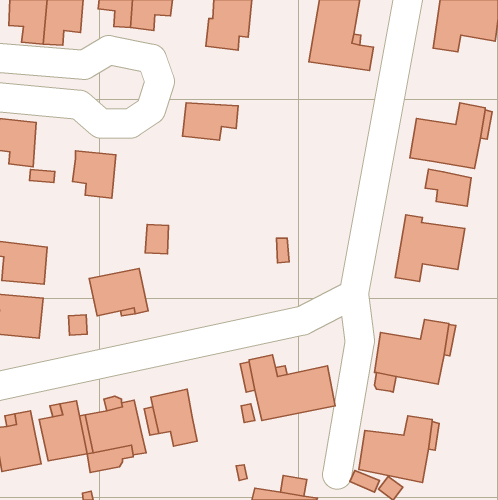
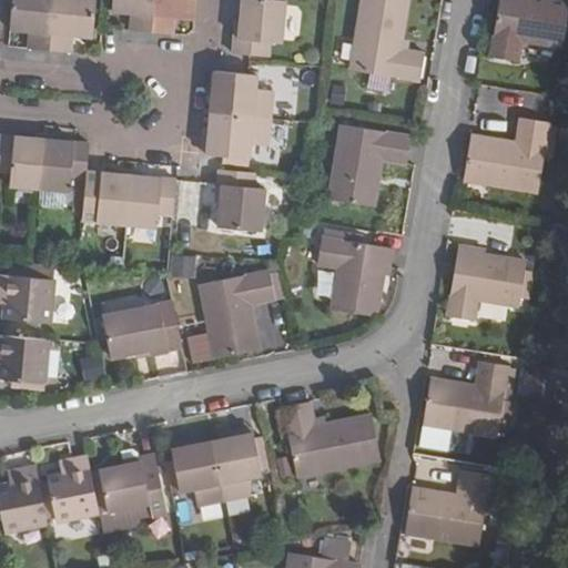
building: none -> [211,72,273,120]
building: none -> [329,125,410,206]
building: none -> [38,139,89,192]
building: none -> [215,169,265,230]
building: none -> [126,175,175,227]
building: [425,169,471,206] -> none
building: none -> [317,236,392,314]
building: none -> [199,270,274,357]
building: none -> [212,432,260,499]

